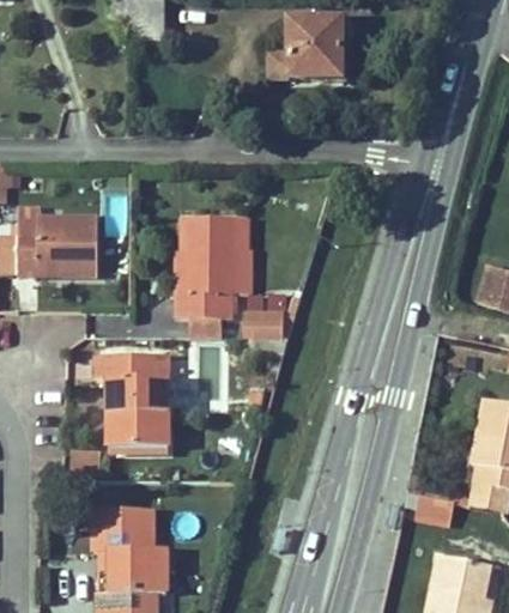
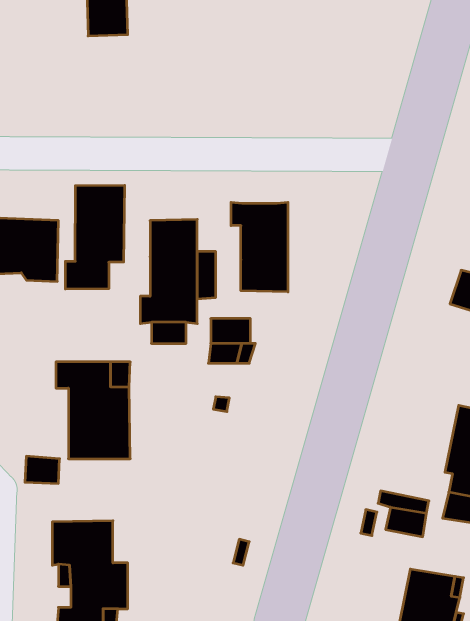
building: [269,20,341,78] -> none
building: none -> [65,185,125,289]
building: none -> [231,202,288,292]

